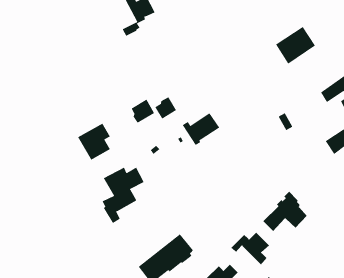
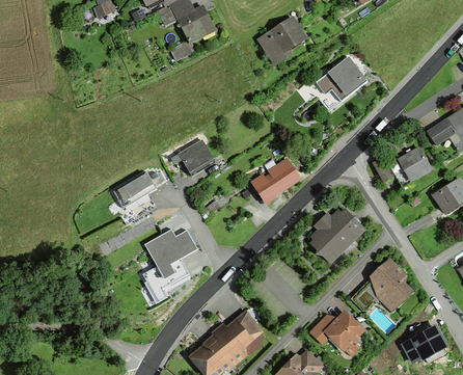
building: none -> [261,19,304,58]
building: [275,26,316,65] -> [311,58,364,108]
building: [155,96,177,120] -> none
building: none -> [399,148,430,179]
building: none -> [310,210,363,262]
building: none -> [404,327,444,360]

